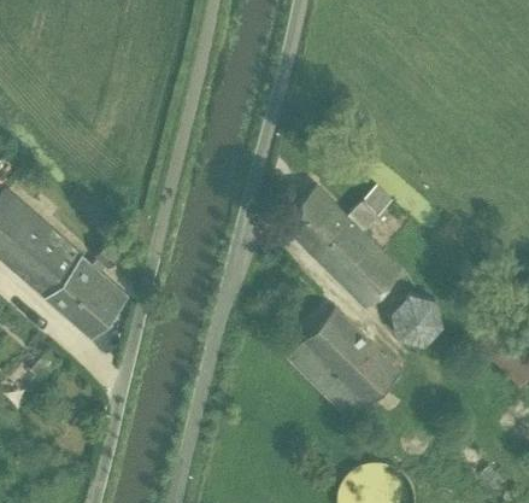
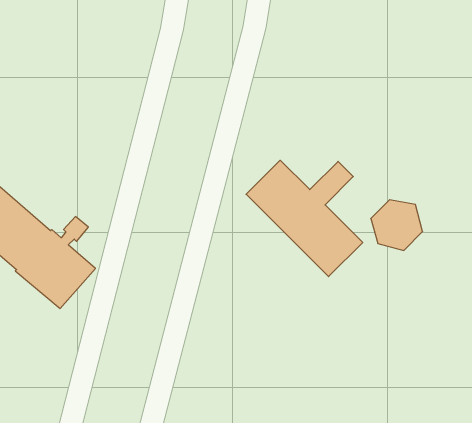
building: [392,296,445,347] -> [371,200,423,250]
building: [287,308,401,422] -> none

